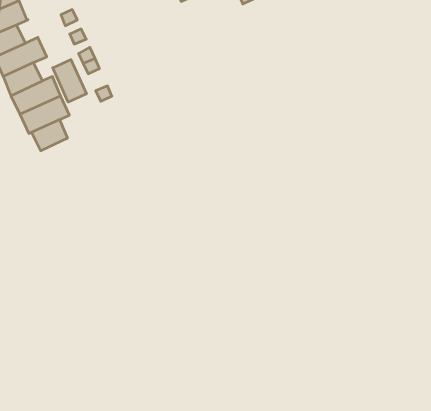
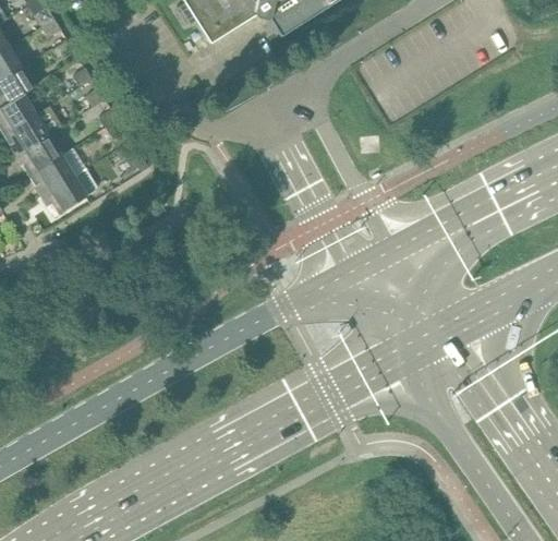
building: [53,60,86,102] -> none
building: [31,120,67,151] -> none

